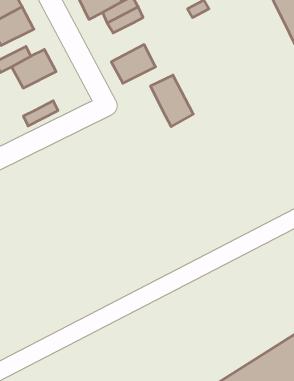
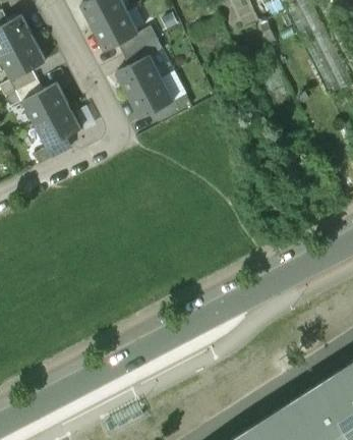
building: none -> [117,55,163,96]
building: none -> [36,106,81,147]
building: [151,75,193,127] -> none

